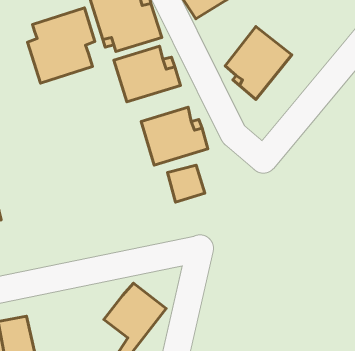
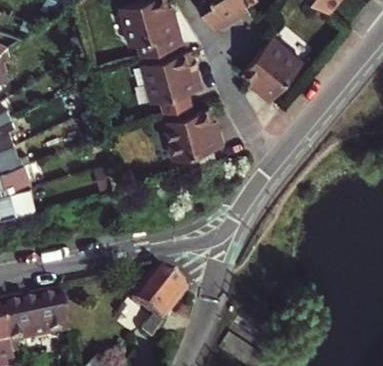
building: [27,8,95,83] -> none
building: [167,165,205,202] -> none

